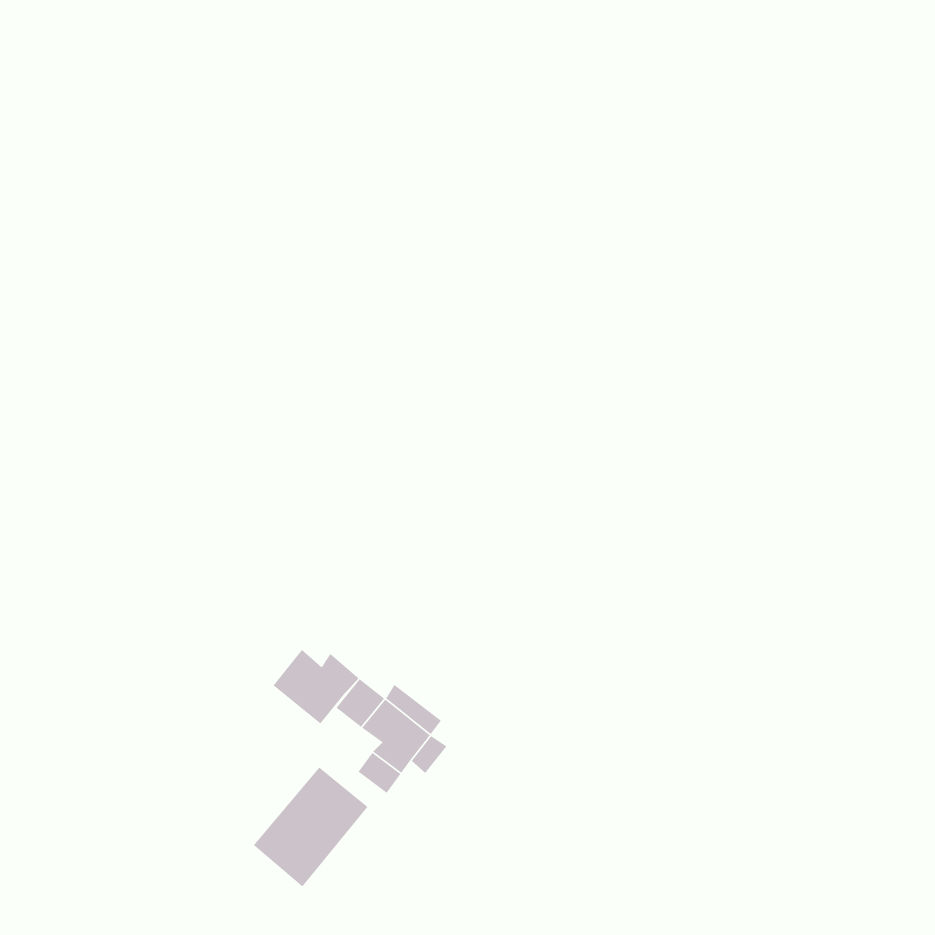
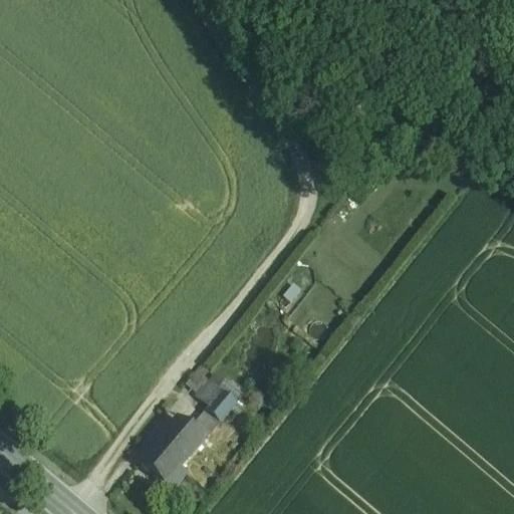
building: [272,649,359,724] -> none

